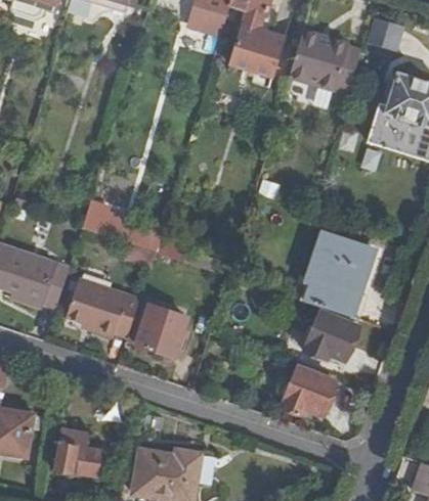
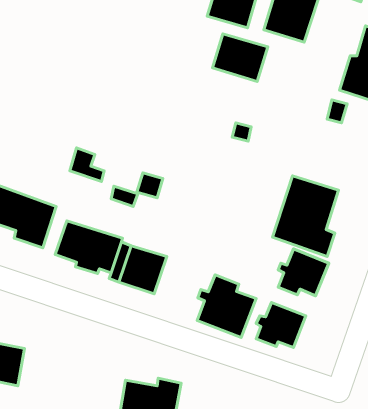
building: none -> [213,34,268,81]
building: none -> [197,275,256,338]
building: [48,430,101,475] -> none

